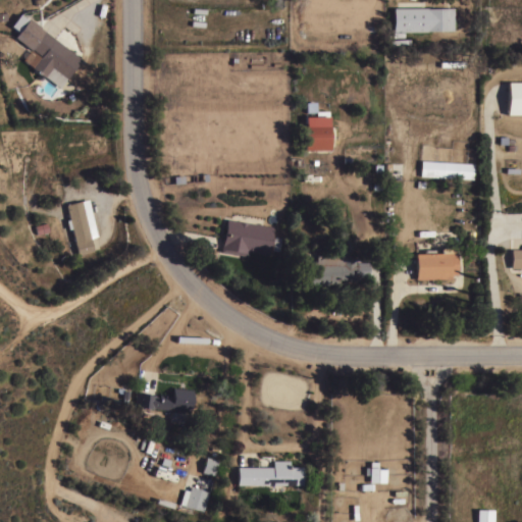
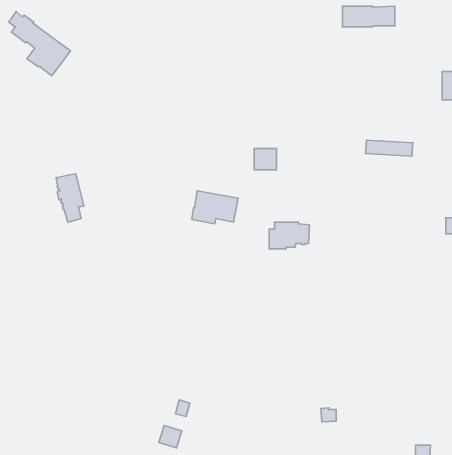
building: [307,125,332,150] -> [254,148,276,170]
building: [417,248,459,279] -> none
building: [137,388,196,413] -> none
building: [240,461,305,485] -> none

